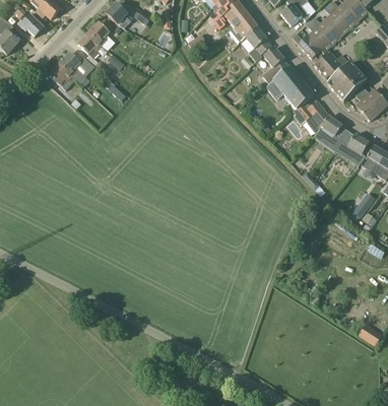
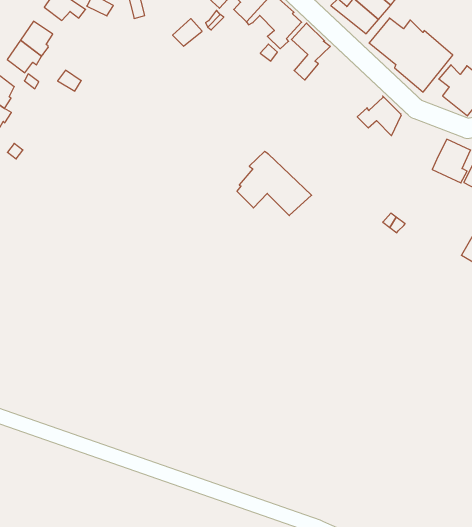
building: [266,64,314,108] -> [237,151,312,216]
building: [315,115,347,152] -> none

